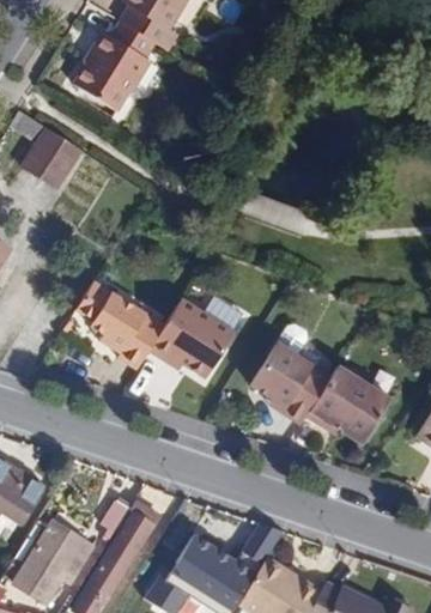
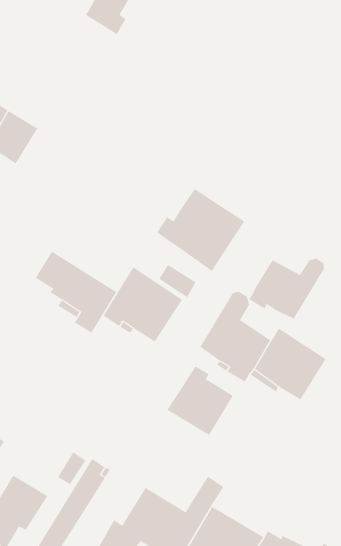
building: [73,28,153,109] -> none
building: none -> [156,188,245,272]
building: none -> [248,258,325,320]
building: none -> [167,365,234,436]

